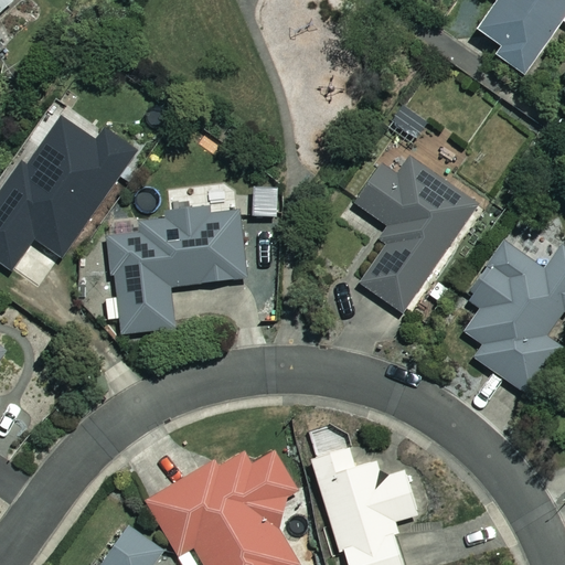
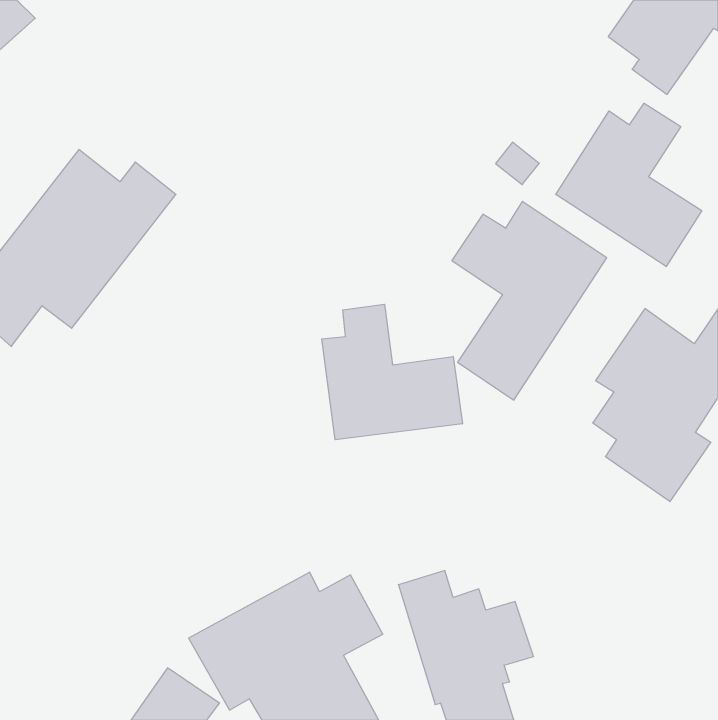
building: none -> [556,103,702,267]
building: [106,207,246,334] -> none
building: none -> [322,304,462,440]

